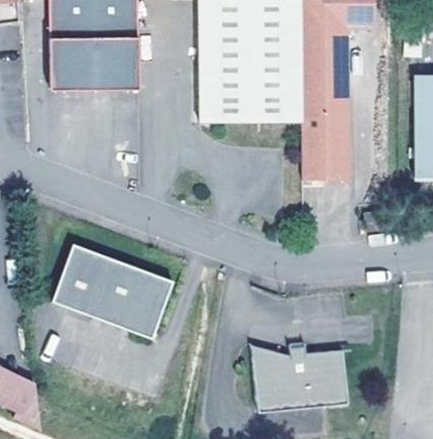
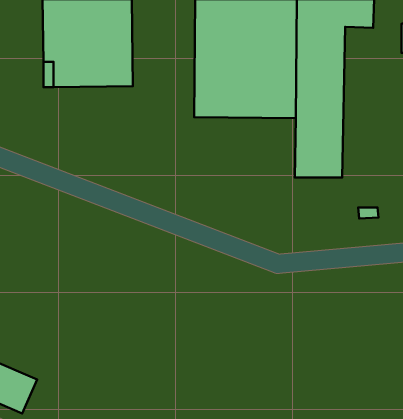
building: [49,242,172,336] -> none
building: [255,342,351,411] -> none

